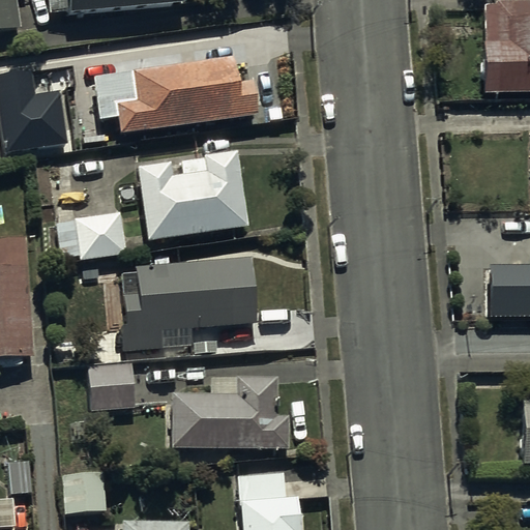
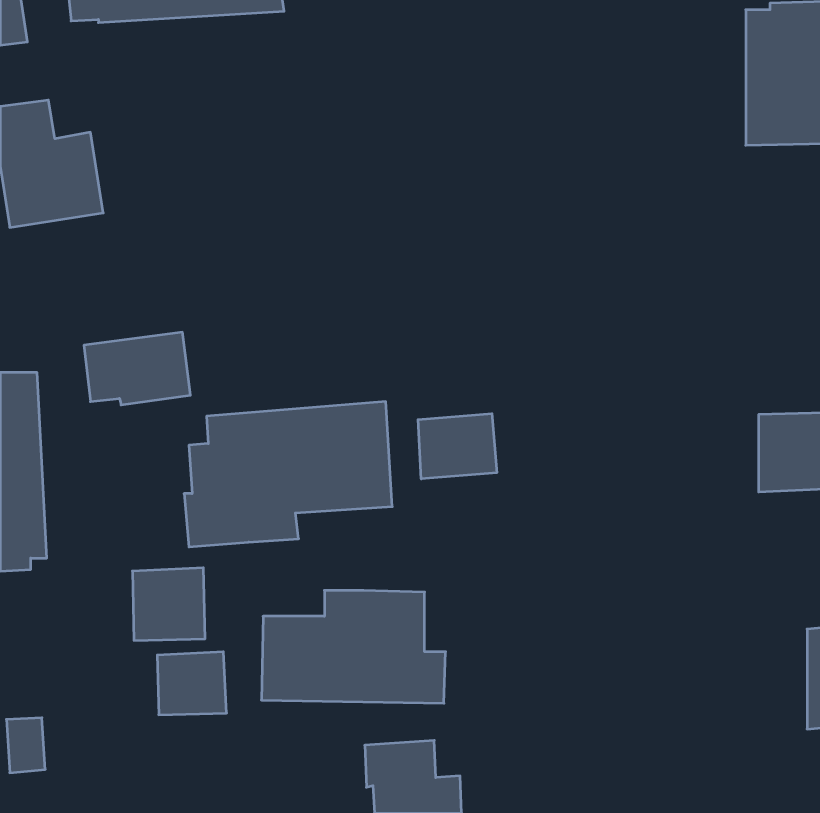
building: [91,49,256,127] -> none
building: [137,151,248,242] -> none
building: none -> [418,414,497,479]
building: [61,472,106,512] -> [157,652,227,715]

